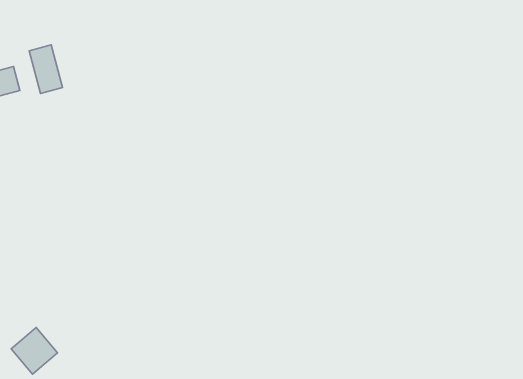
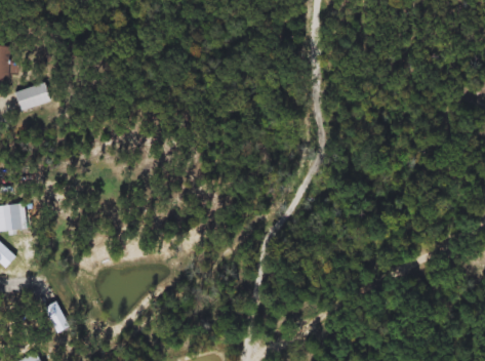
building: [29,45,62,94] -> none

